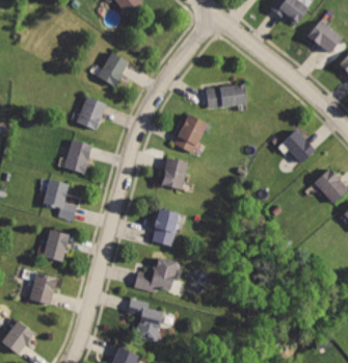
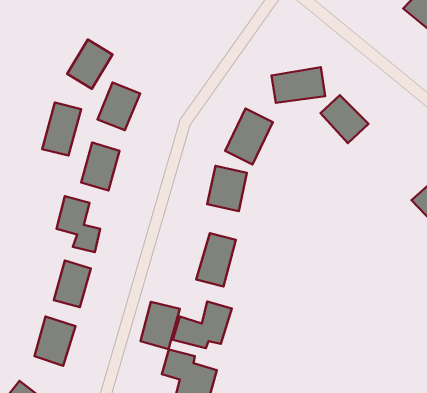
building: [97,50,131,87] -> [67,39,112,89]
building: none -> [42,103,81,156]
building: [280,129,317,165] -> [320,95,368,143]
building: none -> [140,302,180,349]

